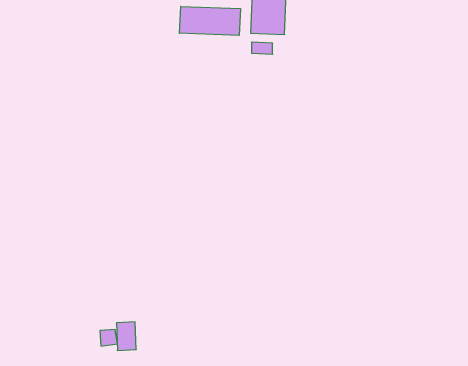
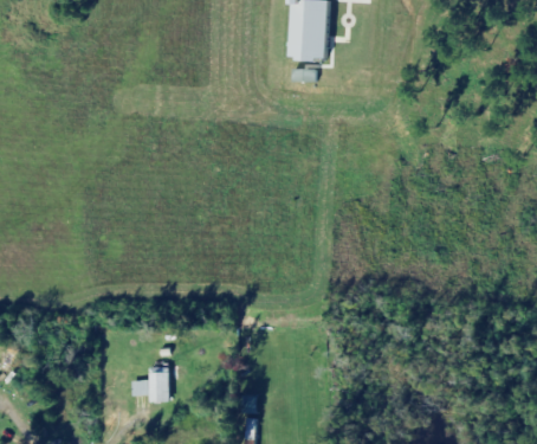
building: [179,6,240,35] -> none

